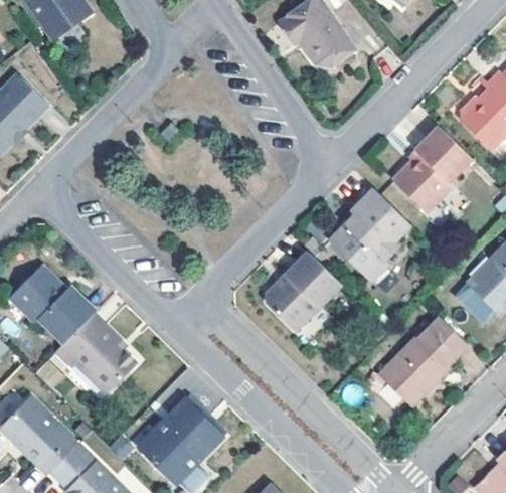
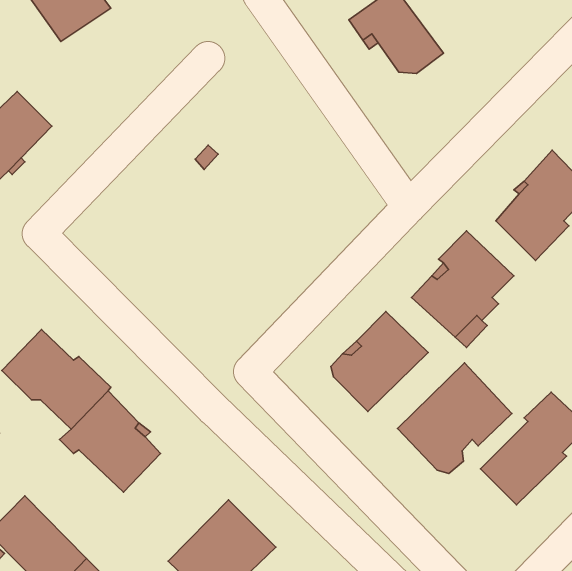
building: none -> [397,363,512,474]

